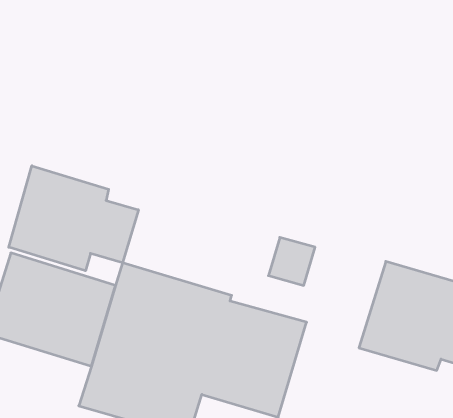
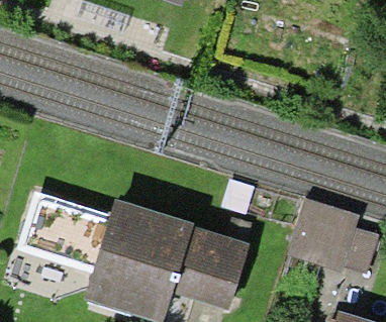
building: [9,166,138,271] -> none

